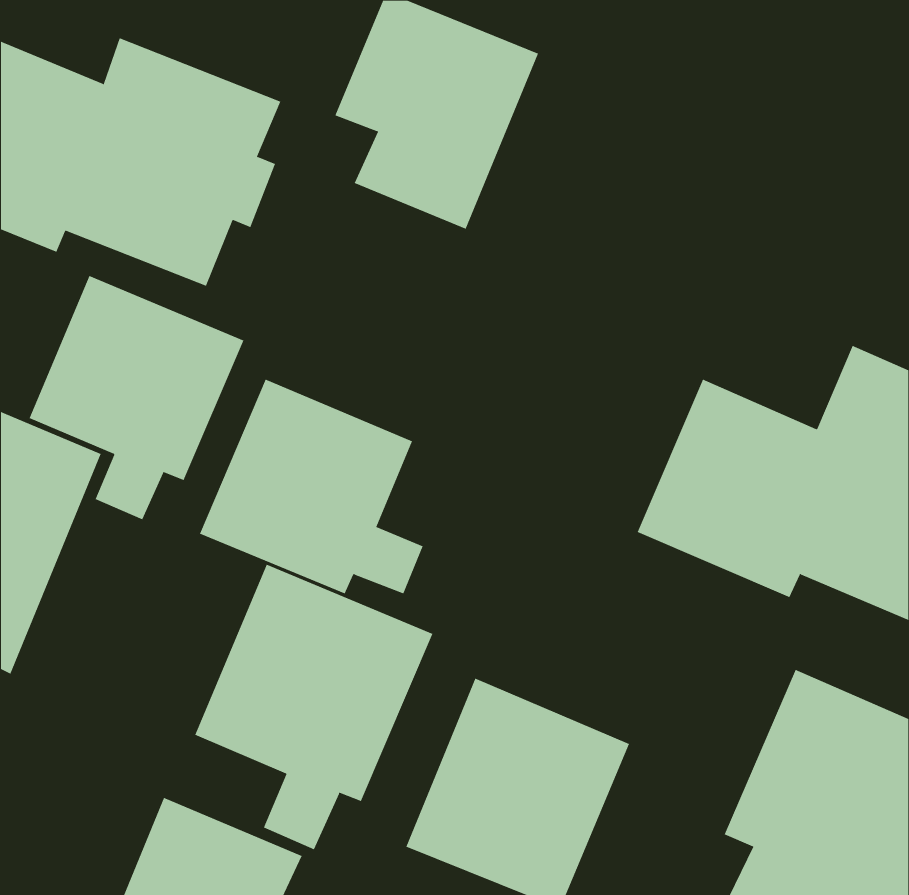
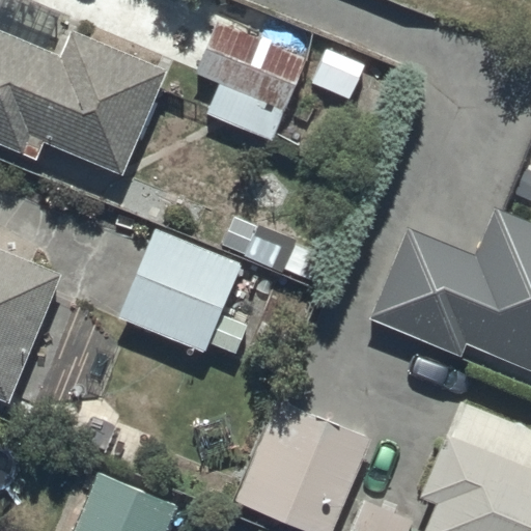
building: [29,275,244,520] -> none
building: [194,564,433,850] -> none

